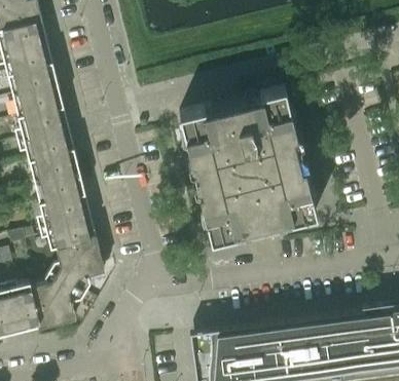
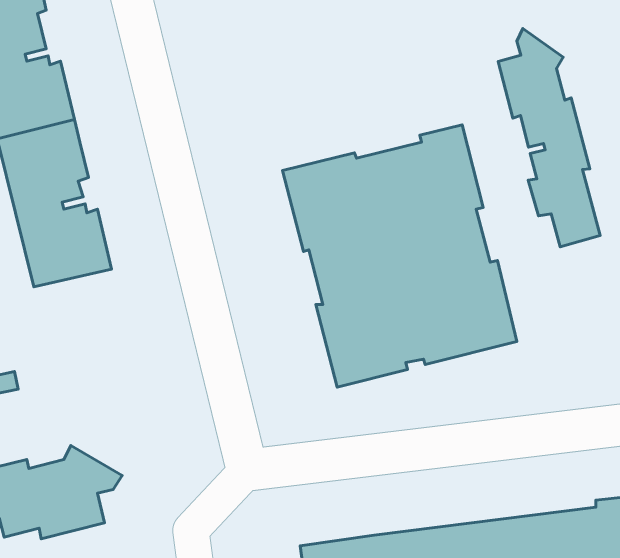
building: none -> [498,28,600,247]
building: [35,174,105,294] -> none

